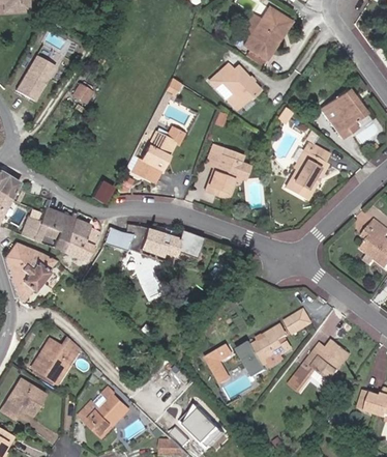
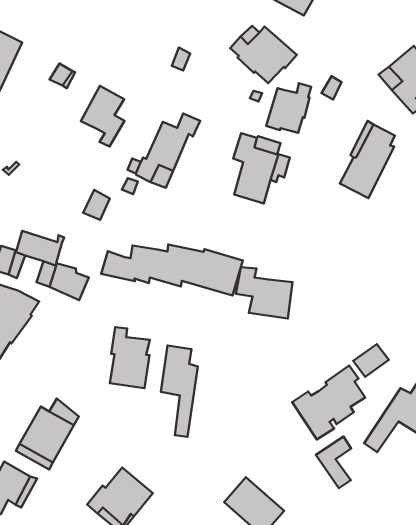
building: none -> [81,86,125,146]
building: none -> [266,83,311,133]
building: [68,218,98,245] -> none
building: none -> [236,267,293,319]
building: none -> [110,327,150,388]
building: none -> [161,346,198,437]
building: [206,344,233,382] -> [316,437,351,488]

